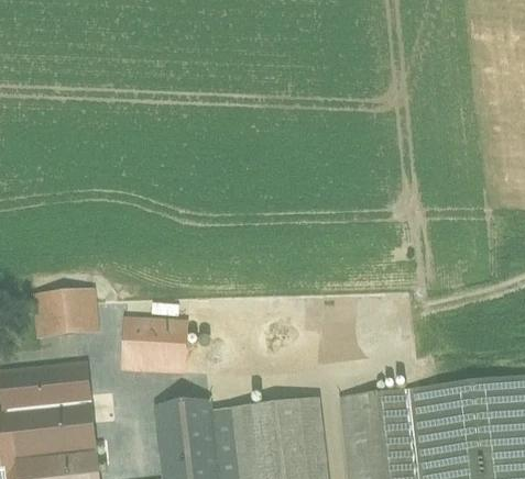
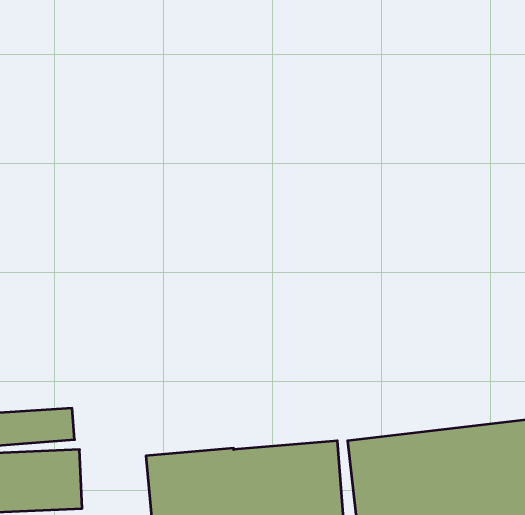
building: [31,290,91,336] -> none
building: [116,318,185,369] -> none

